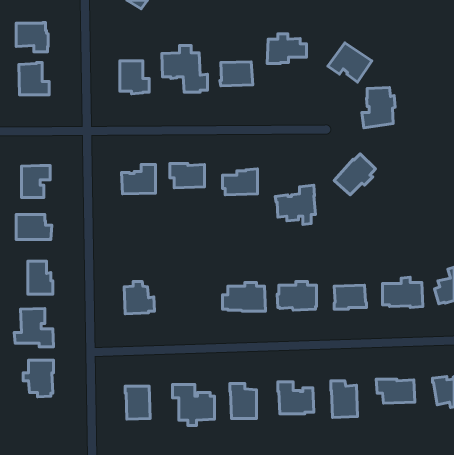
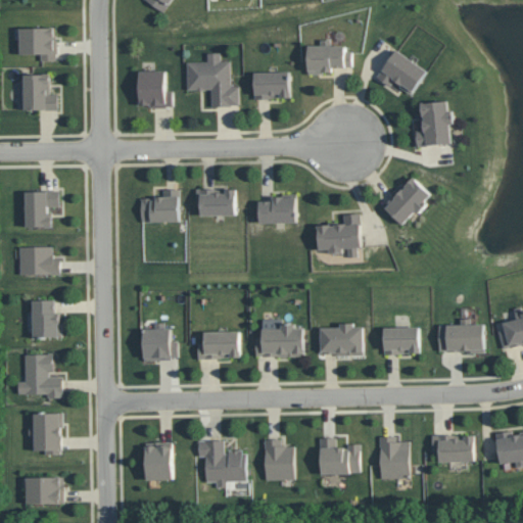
building: none -> [196,332,239,360]
building: none -> [25,477,62,505]

